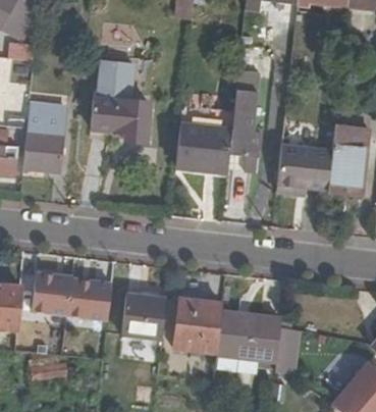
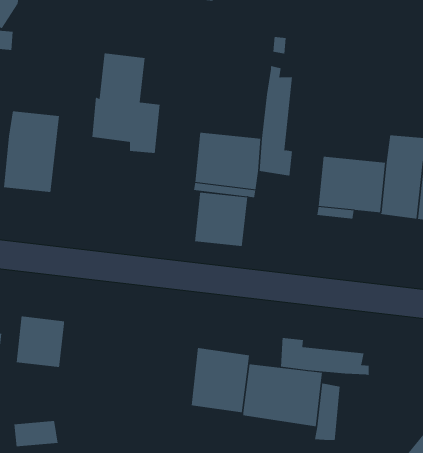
building: none -> [195,192,248,247]
building: [68,278,111,318] -> none
building: none -> [280,337,369,376]
building: [121,293,166,341] -> none

